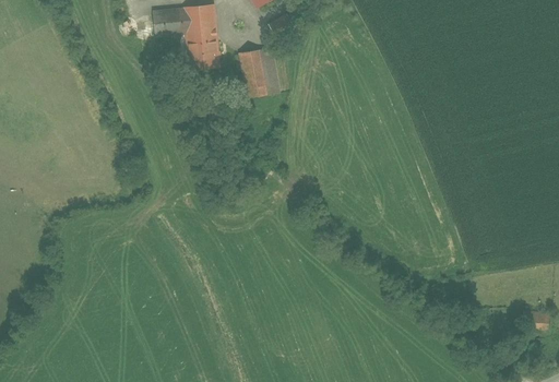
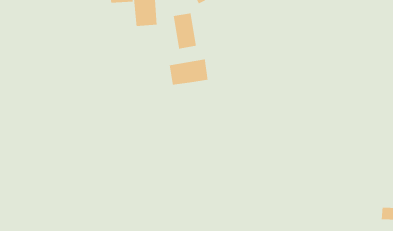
building: none -> [169,58,208,86]

